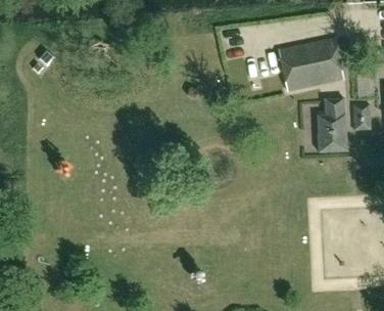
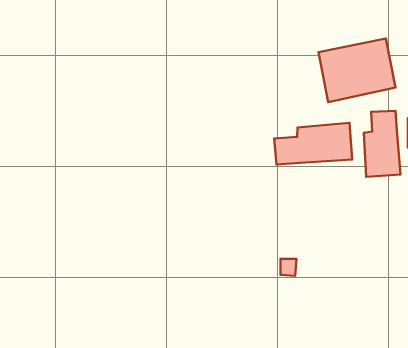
building: none -> [274,123,352,165]

